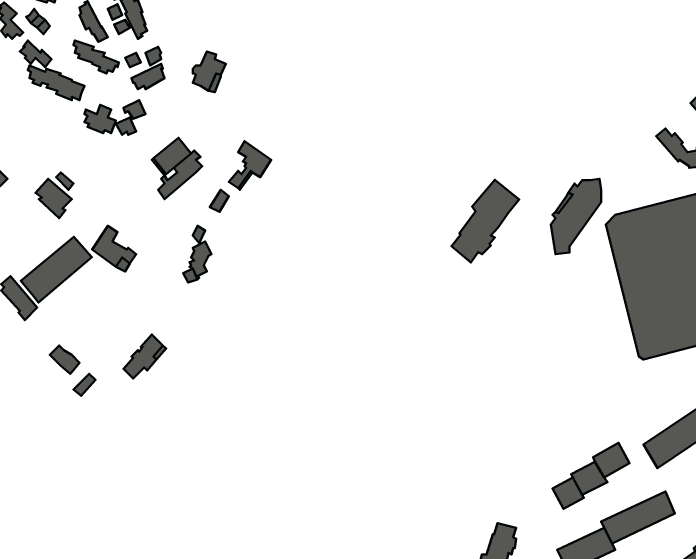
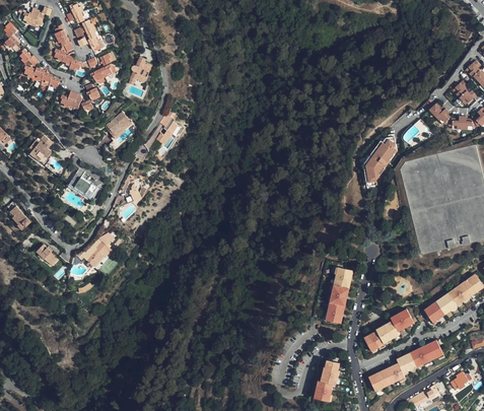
building: [452,180,519,262] -> none
building: [21,237,92,303] -> none
building: none -> [326,268,354,324]

